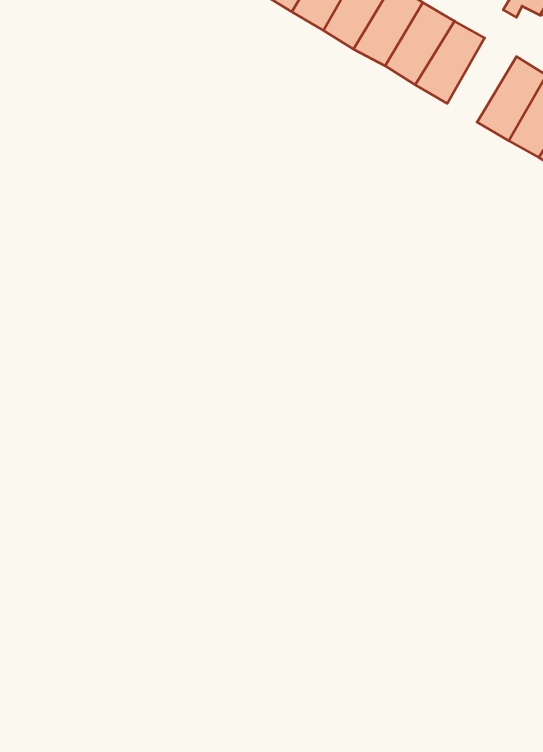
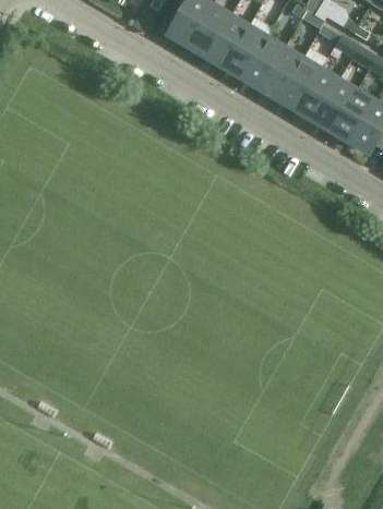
building: none -> [298,69,338,118]

